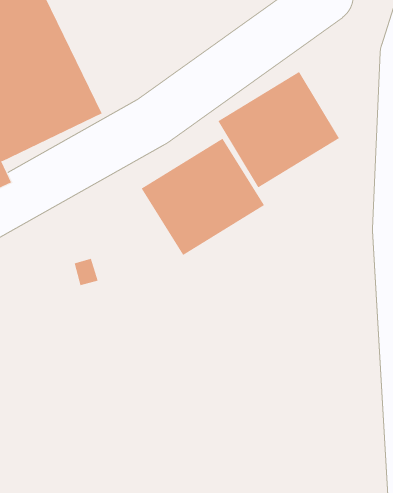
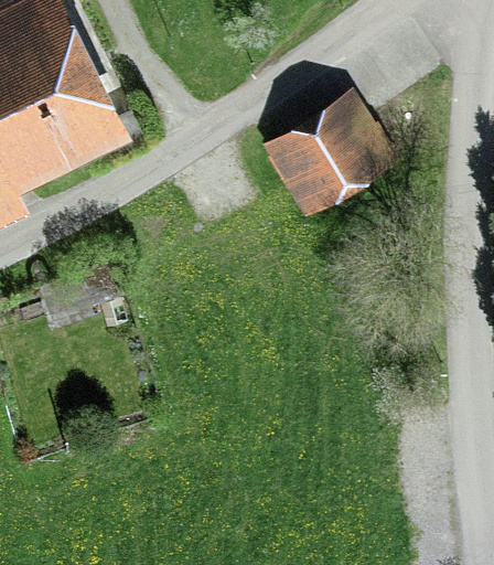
building: [141,138,265,256] -> none

